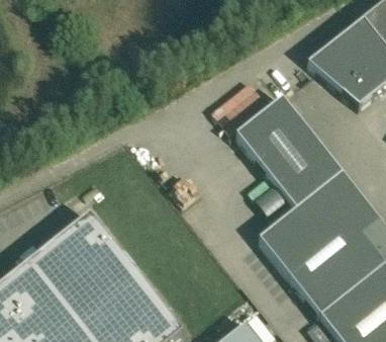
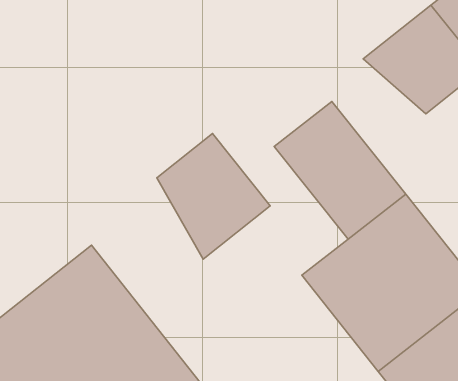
building: none -> [157,133,270,259]

